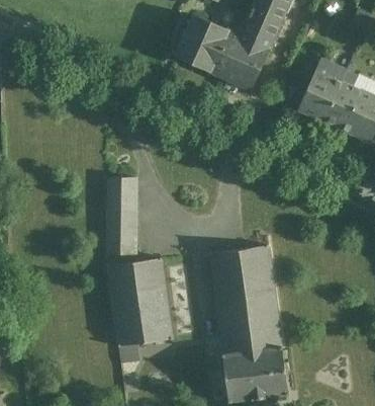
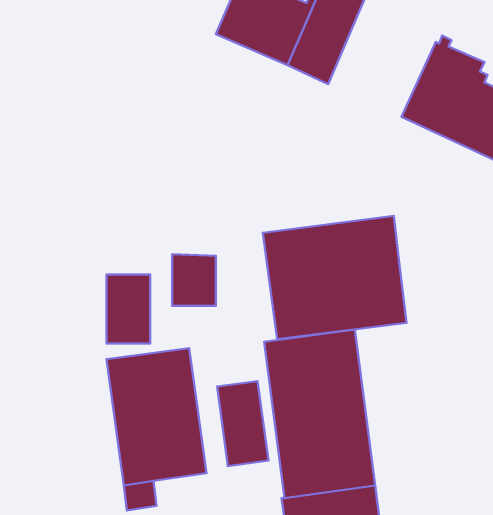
building: none -> [263,216,407,339]
building: [107,177,135,211] -> [172,254,216,306]
building: none -> [217,381,268,466]

